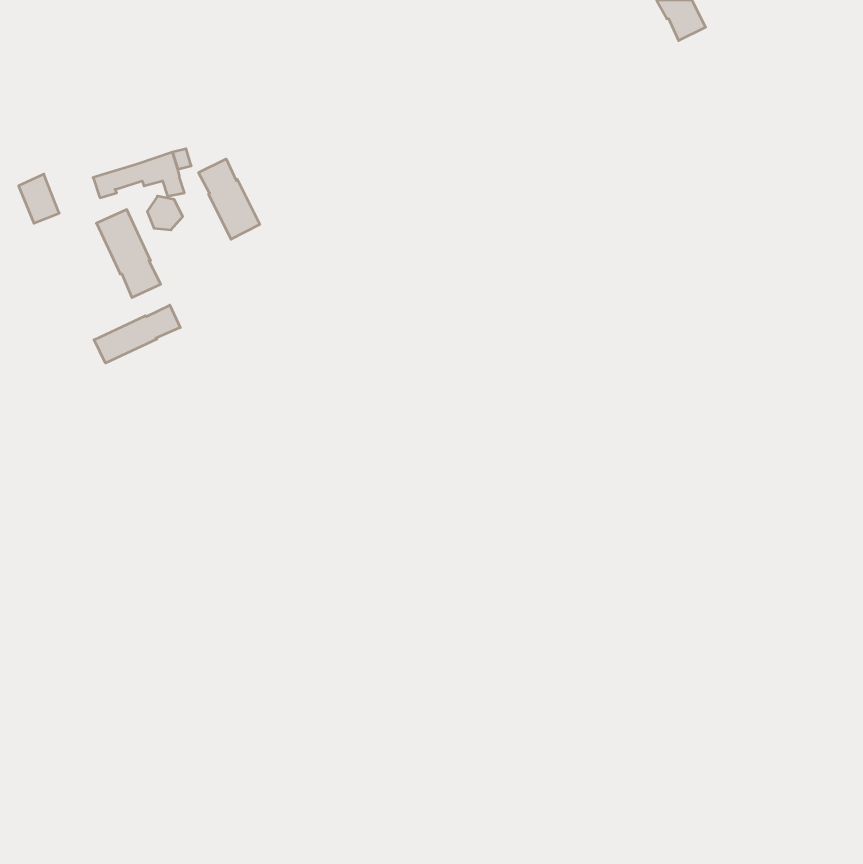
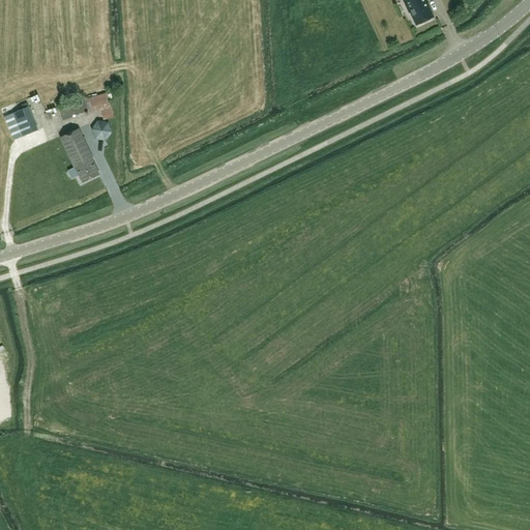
building: [199,159,260,239] -> none
building: [94,305,180,363] -> none

